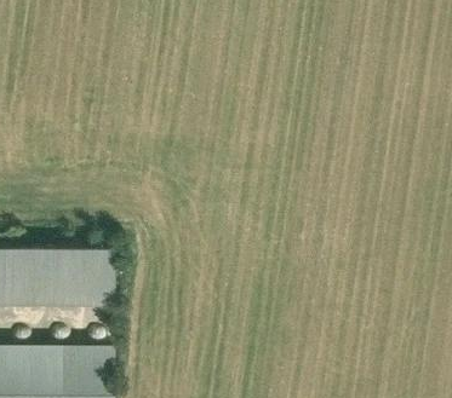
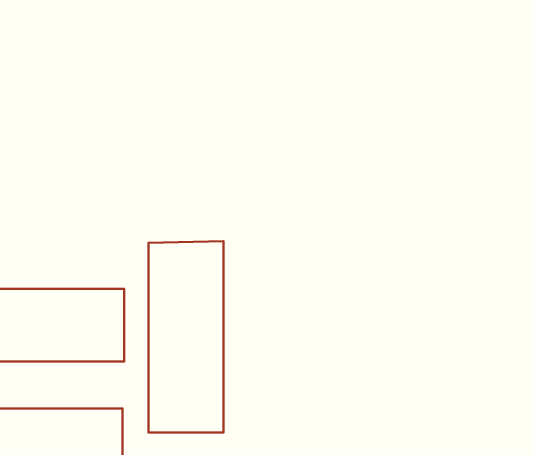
building: none -> [149,241,223,433]

